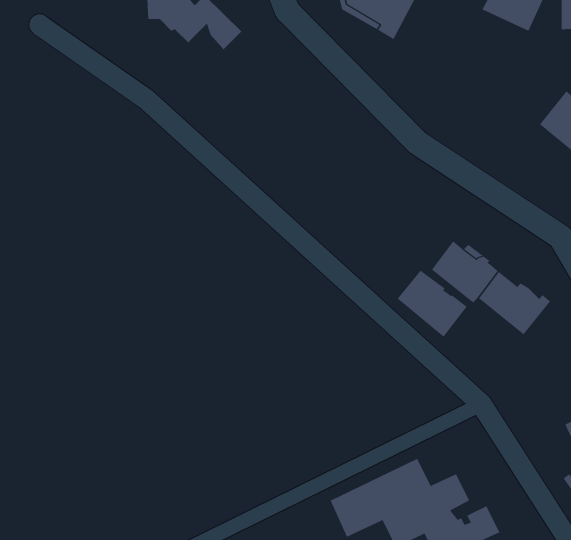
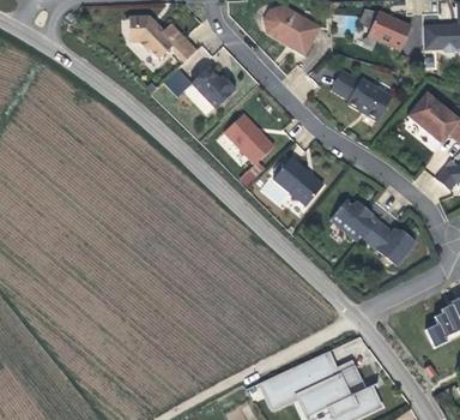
building: none -> [164,66,236,115]
building: none -> [332,70,393,120]
building: none -> [225,113,276,163]
building: [397,270,468,337] -> [274,157,325,205]

